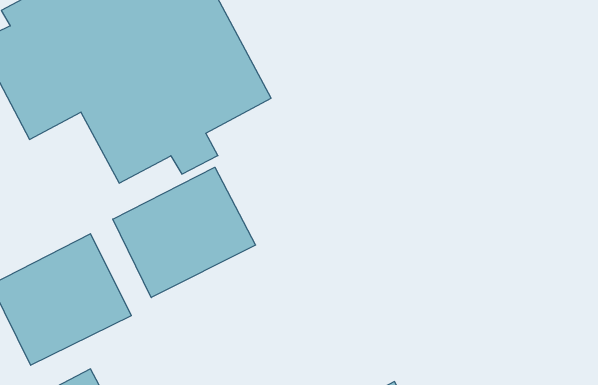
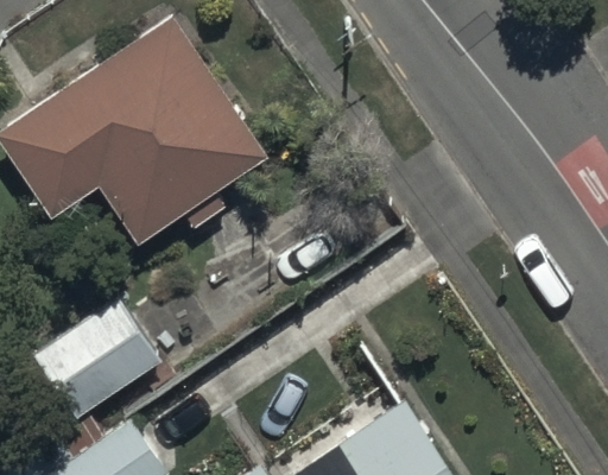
building: [113,167,256,298] -> none

